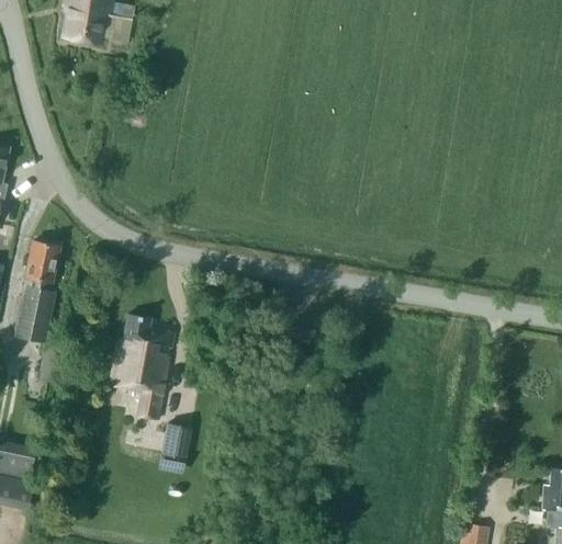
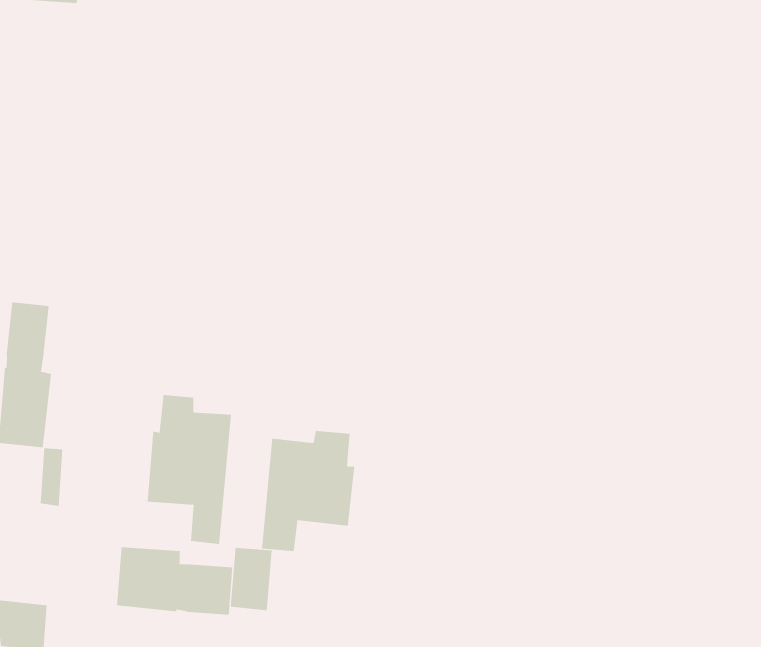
building: none -> [261,430,355,552]
building: none -> [116,546,233,616]

